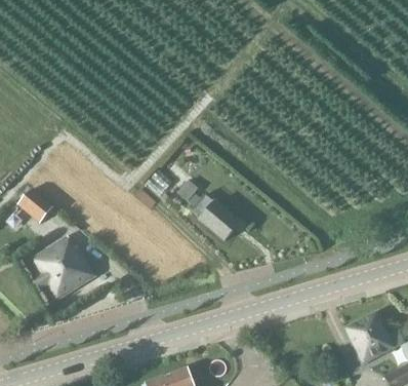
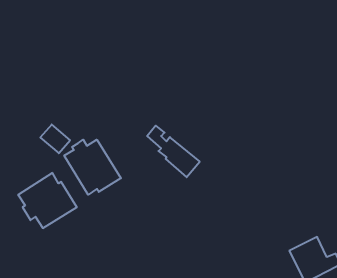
building: [18,189,53,223] -> [40,124,70,153]
building: none -> [64,140,121,195]

